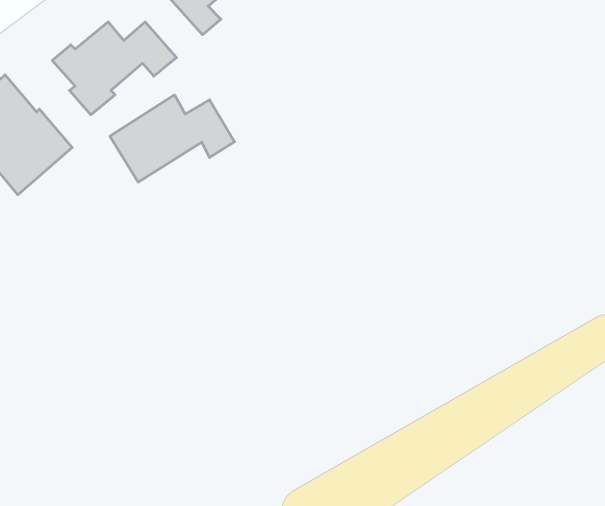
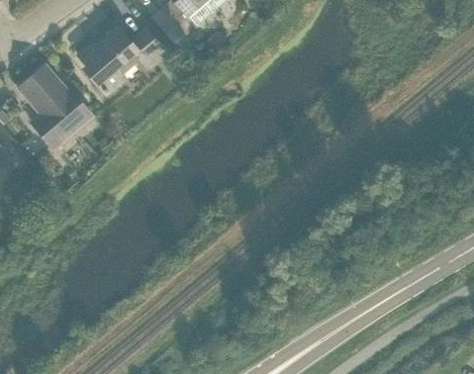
building: [110,95,235,182] -> none

